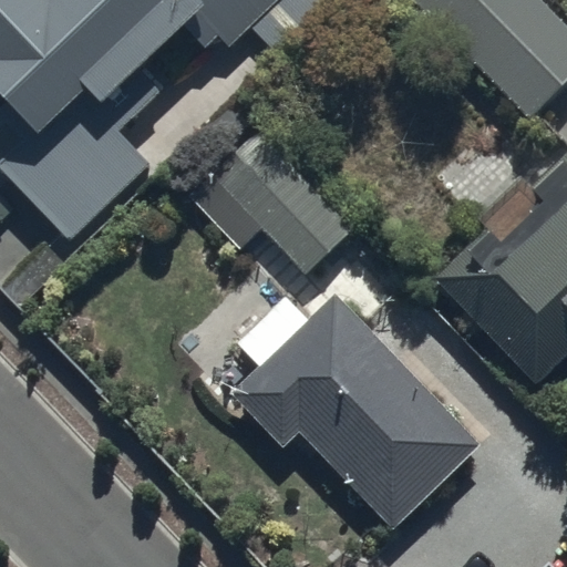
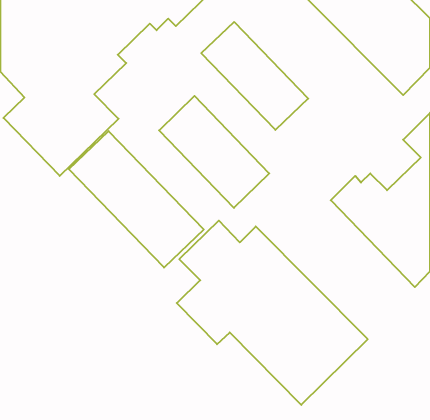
building: none -> [201,22,308,130]
building: none -> [69,131,204,268]

